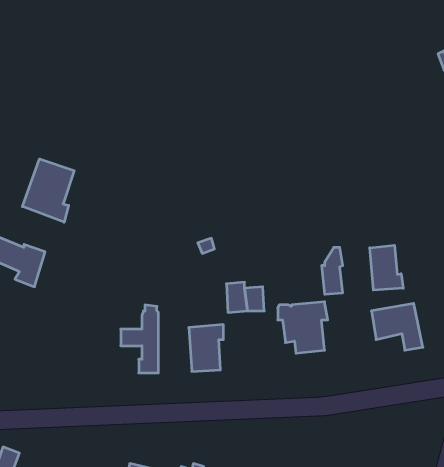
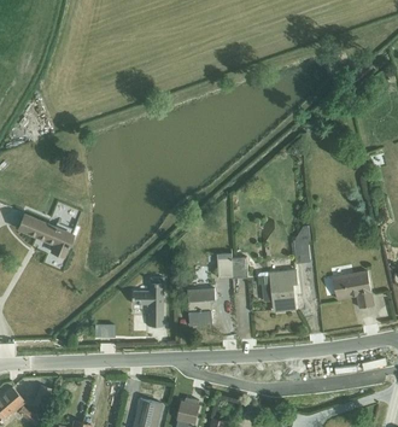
building: [22,159,74,222] -> none
building: [370,245,403,290] -> none

